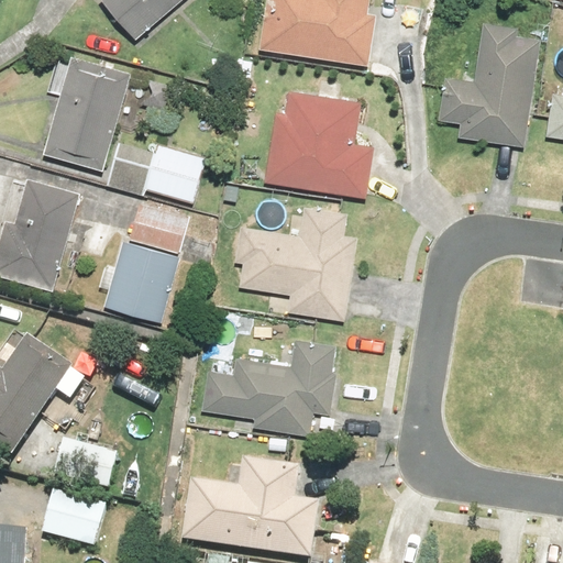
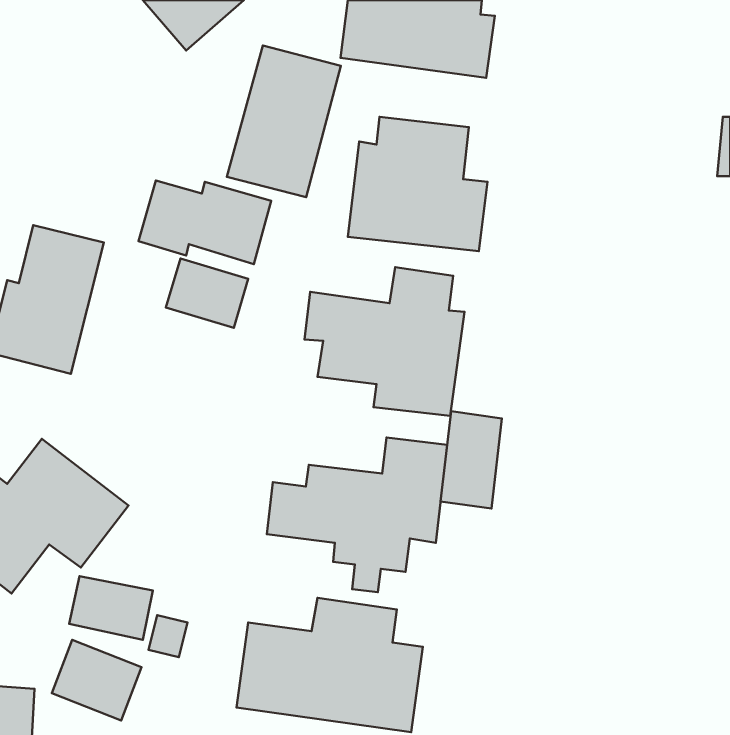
building: [439,24,541,146] -> none
building: [42,52,129,167] -> [227,46,341,197]
building: [98,235,178,323] -> none
building: none -> [441,411,502,509]

